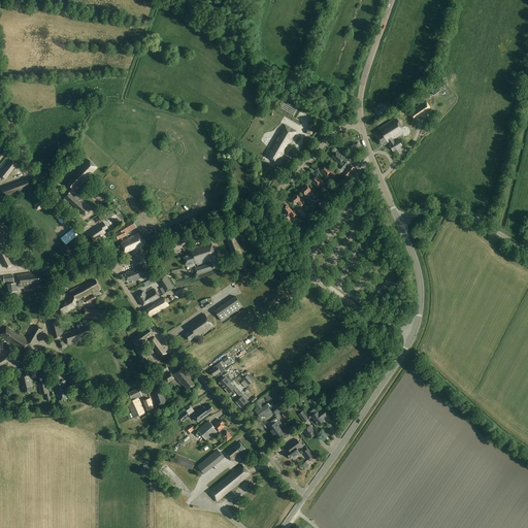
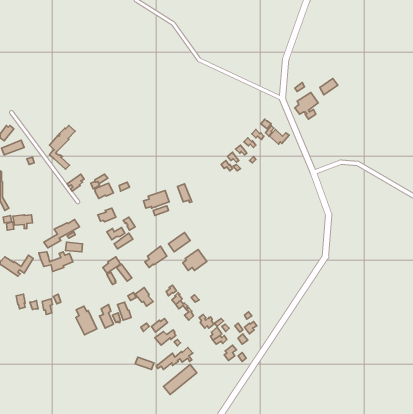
building: [267,125,296,162] -> none
building: none -> [183,249,207,271]
building: none -> [76,306,97,335]

